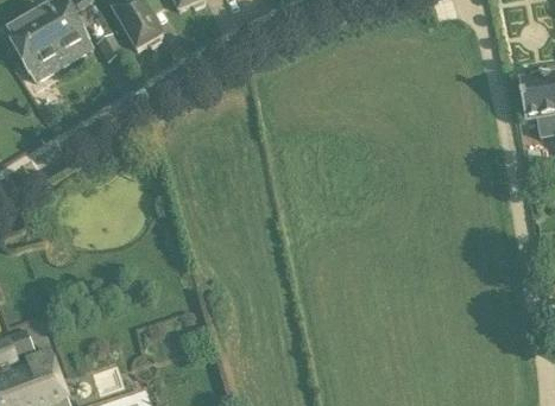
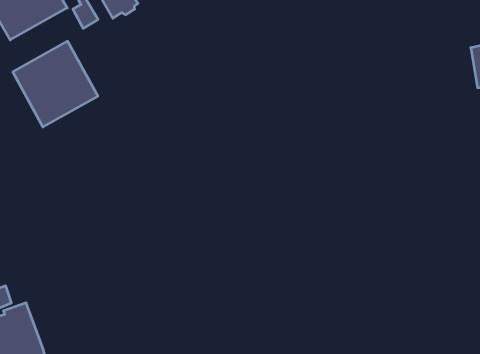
building: none -> [13,41,98,127]

